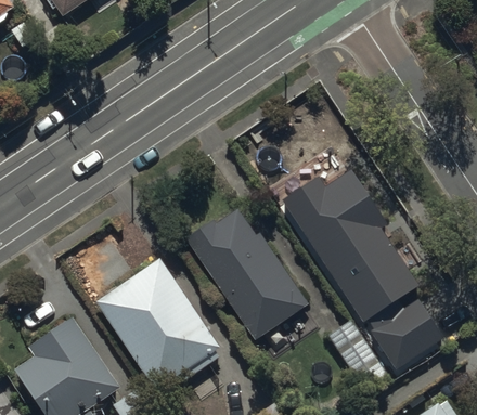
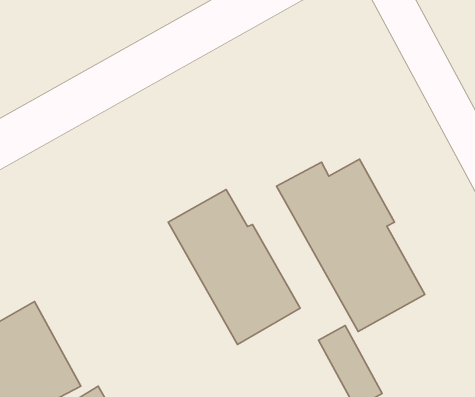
building: [93,259,225,392] -> none
building: [370,298,443,368] -> none

